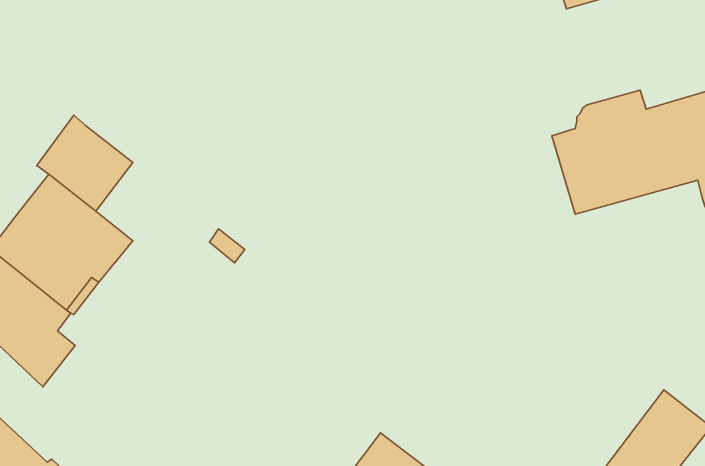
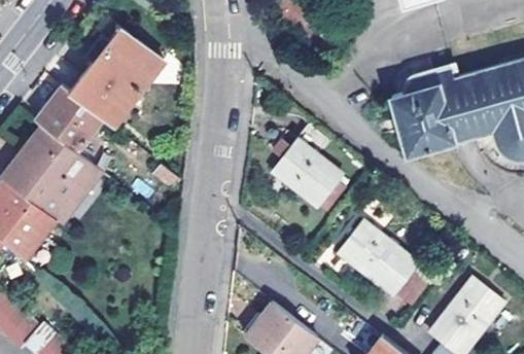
building: none -> [68,28,162,127]
building: none -> [271,126,348,211]
building: none -> [339,221,431,306]

